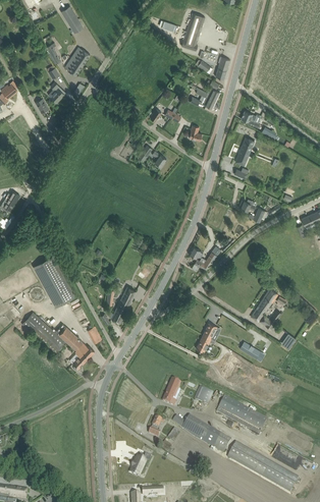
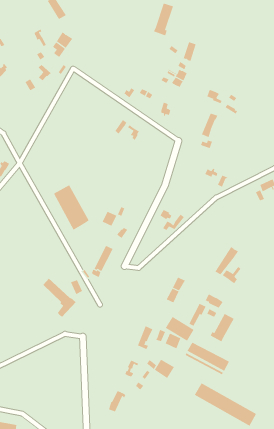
building: [33,255,73,306] -> [53,184,89,230]
building: [21,312,65,353] -> none
building: none -> [210,313,234,342]
building: [197,424,230,452] -> [165,316,195,341]

